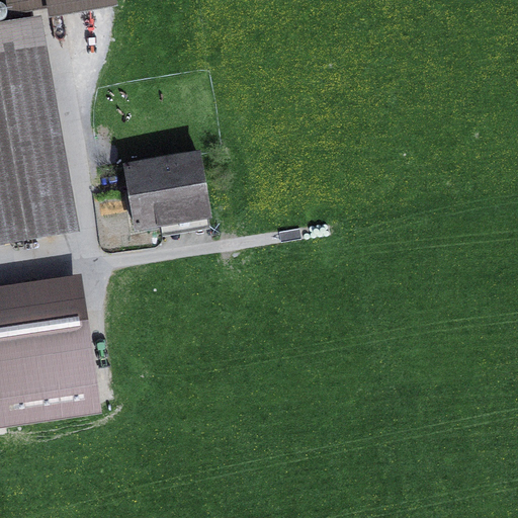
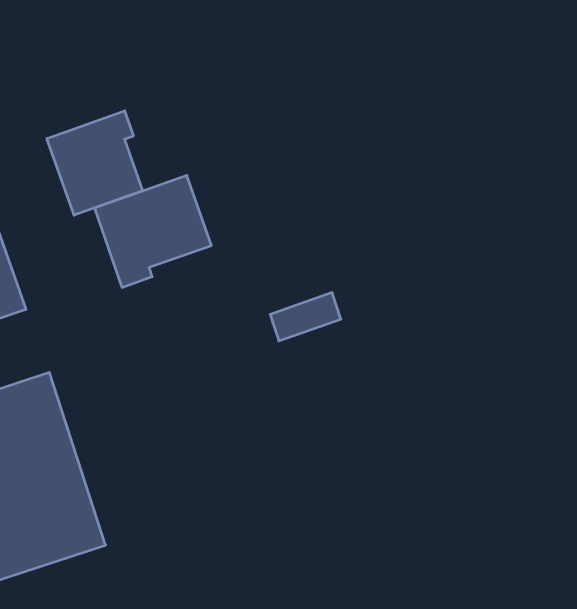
building: none -> [47,111,143,215]
building: [160,203,210,232] -> [270,293,341,341]

